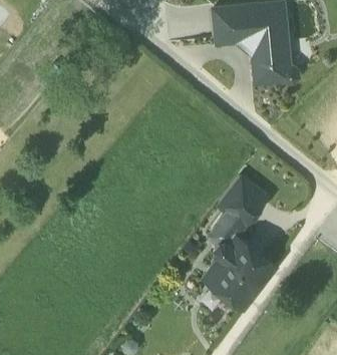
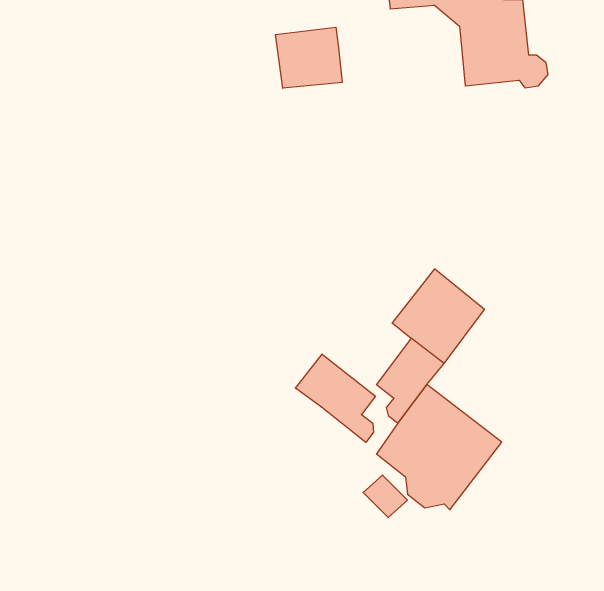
building: none -> [275,27,342,88]
building: none -> [295,354,375,442]

